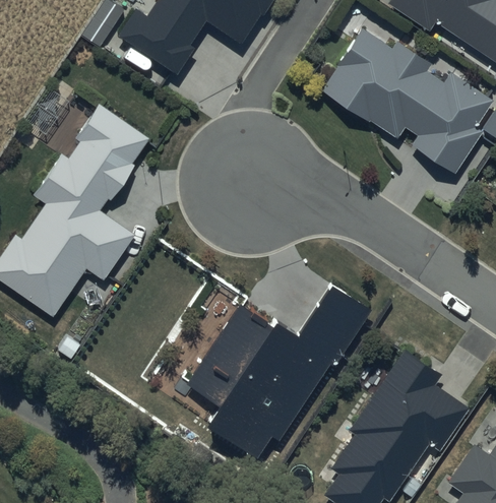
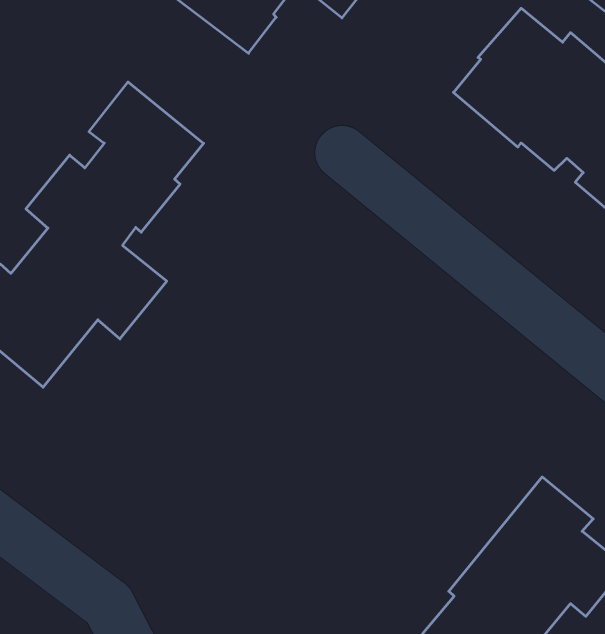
building: [186,284,363,460] -> none

